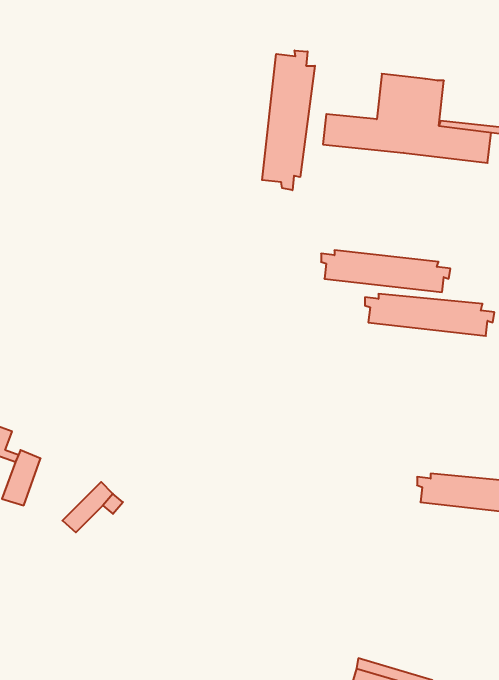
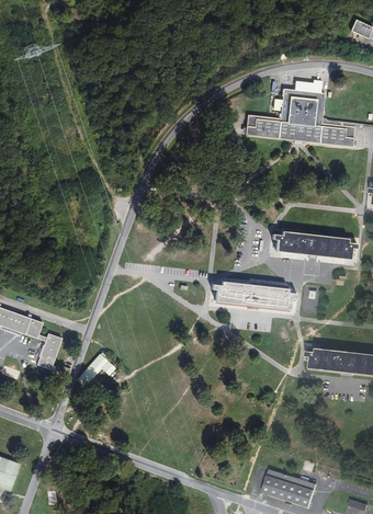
building: [262,50,315,190] -> none
building: [321,250,450,292] -> [212,282,296,309]

